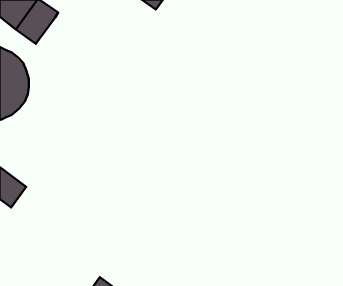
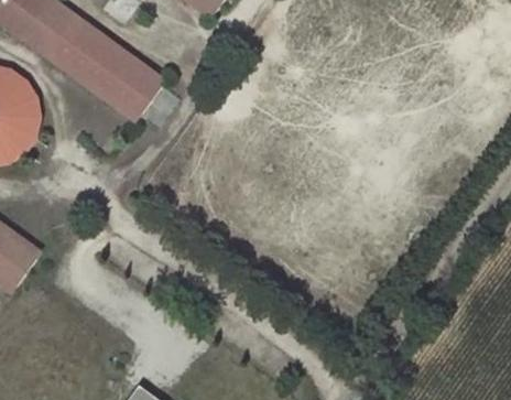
building: none -> [54,25,162,117]

